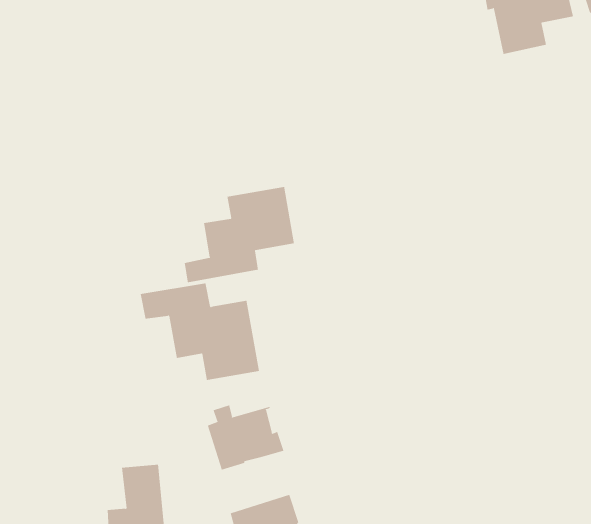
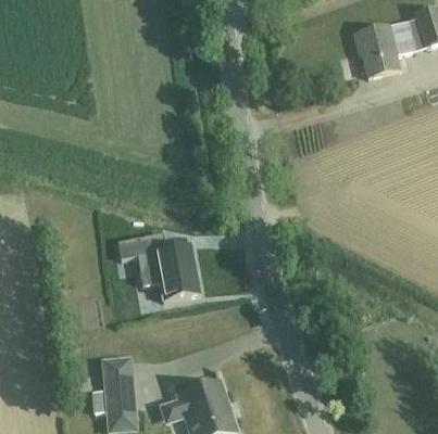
building: [184,186,295,283] -> none
building: [207,404,284,470] -> none

